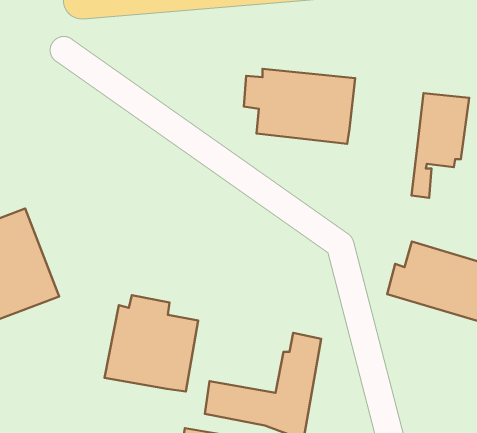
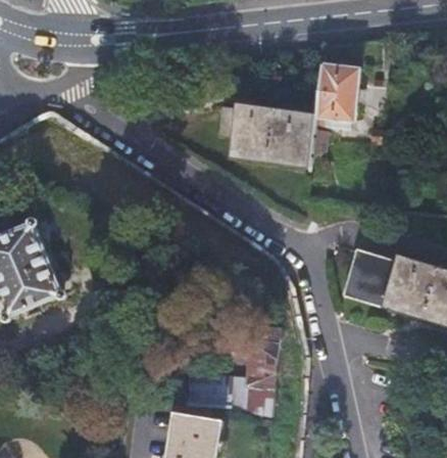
building: [412,93,469,198] -> [313,59,363,150]
building: [104,295,198,392] -> none

